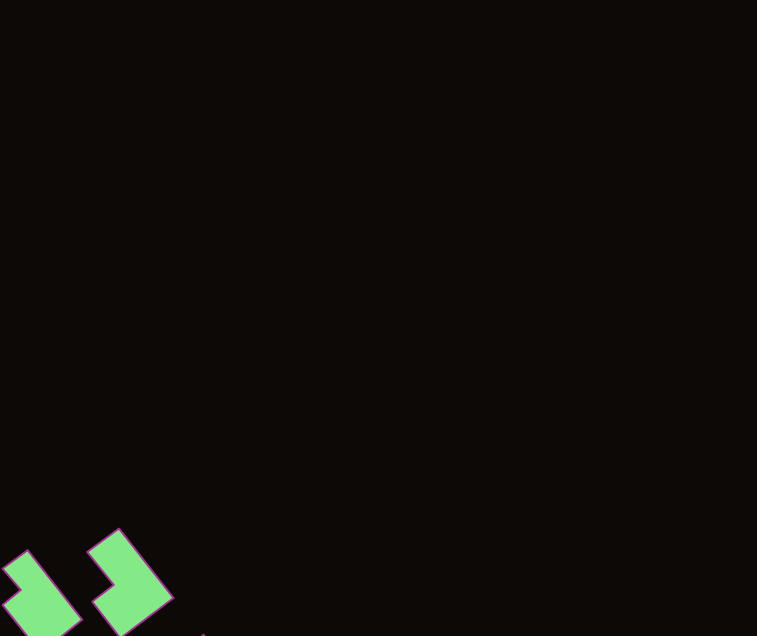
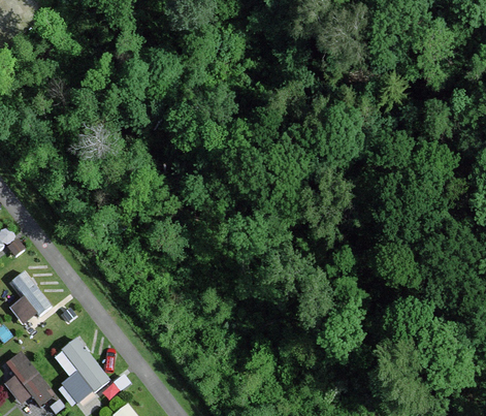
building: none -> [7,269,50,326]

